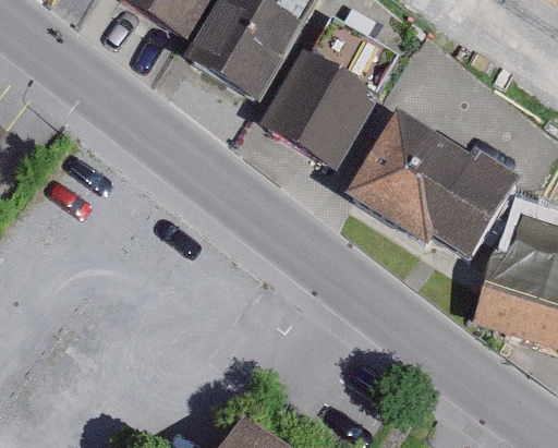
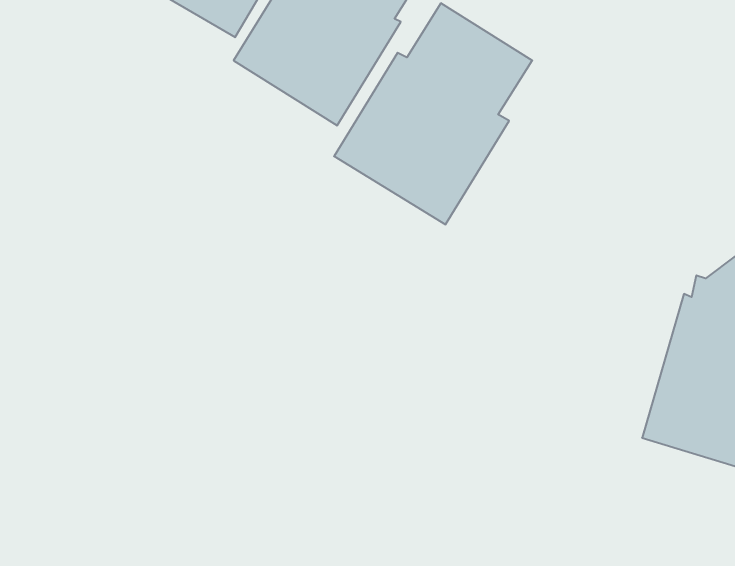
building: [343,114,522,263] -> none

